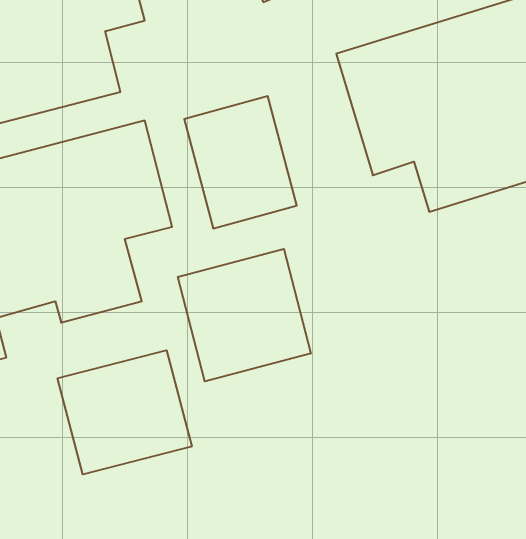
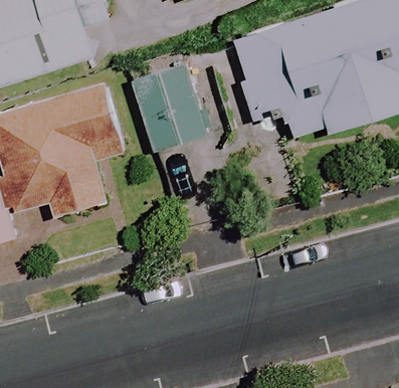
building: [178,249,311,381] -> none
building: [58,350,192,474] -> none

